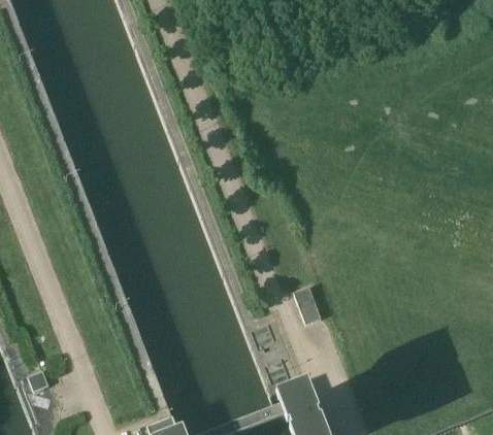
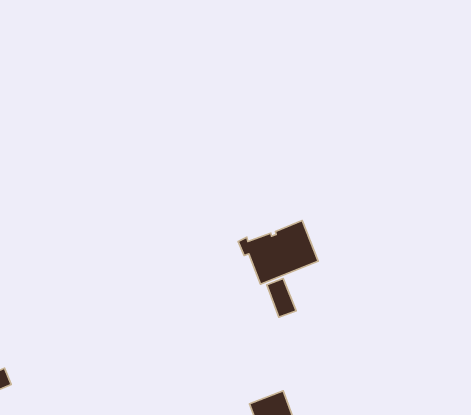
building: none -> [238,221,318,284]

